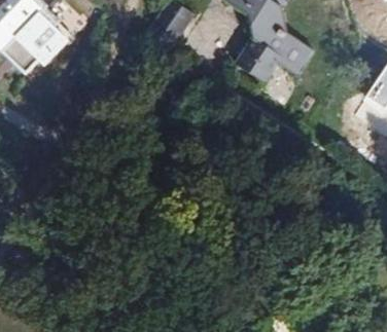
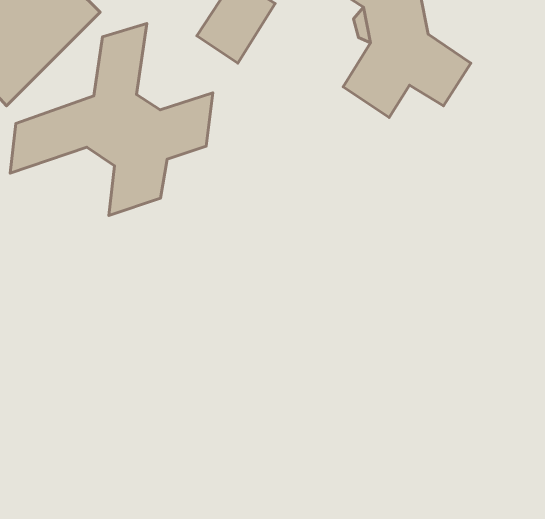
building: none -> [10,24,213,215]

